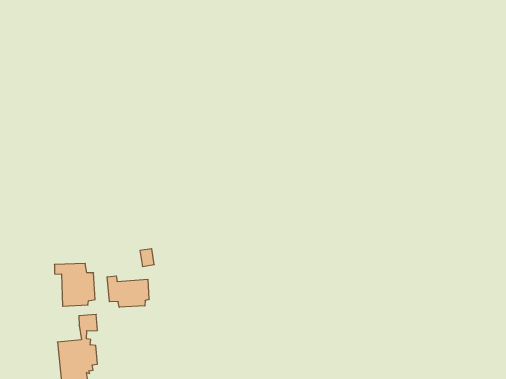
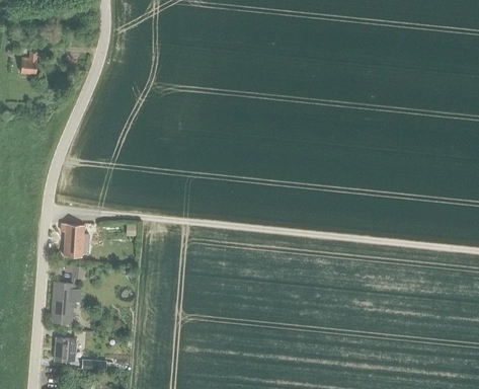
building: [107,276,149,307] -> none

